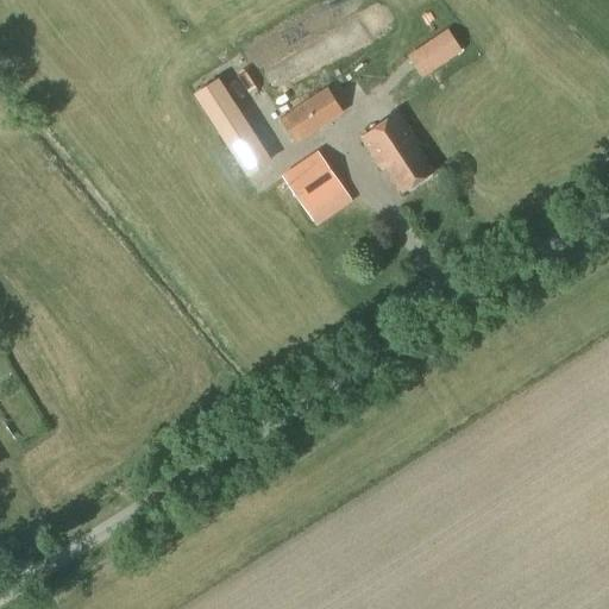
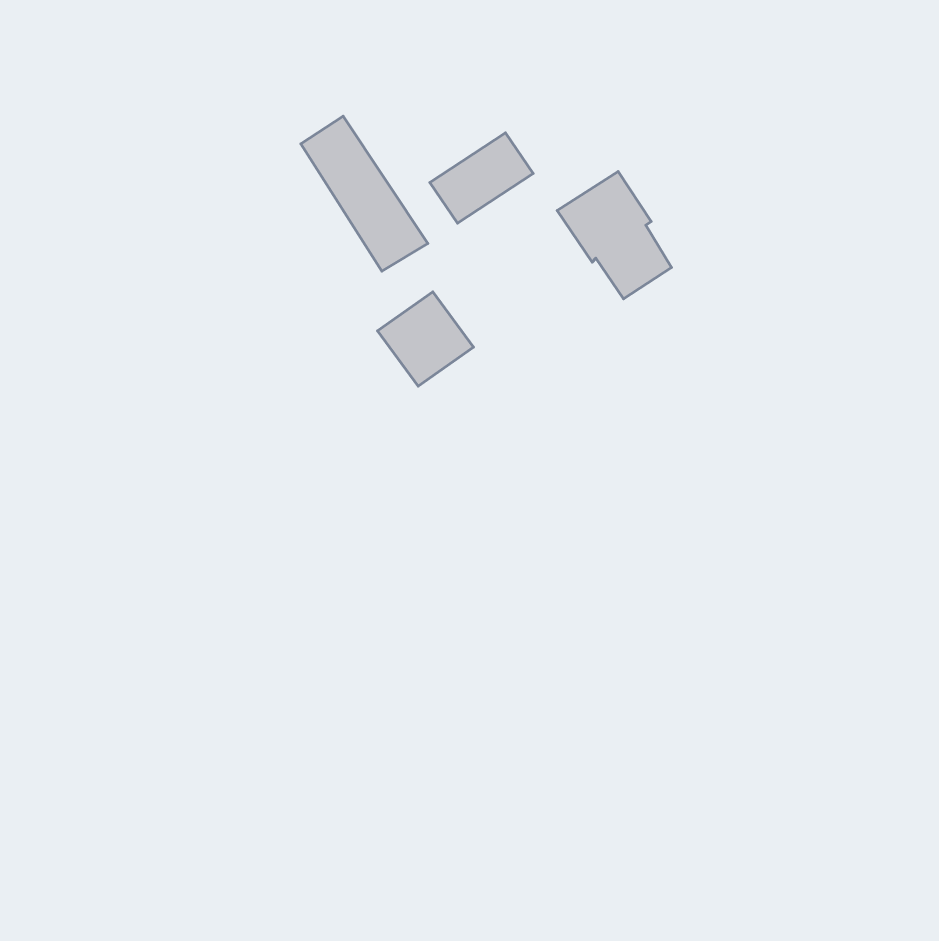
building: [409,27,465,77] -> none
building: [283,150,345,211] -> [378,292,473,386]

